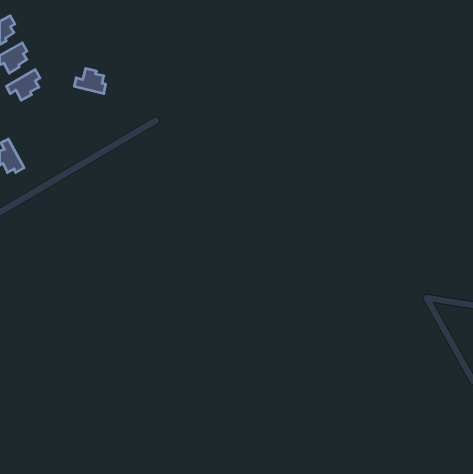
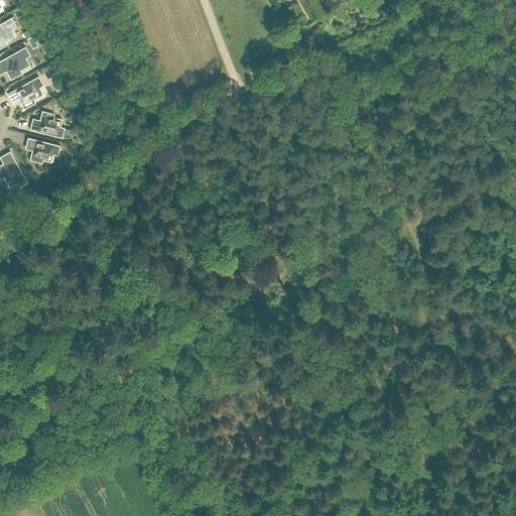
building: [74,69,106,94] -> [29,111,63,138]
building: none -> [25,137,59,163]

